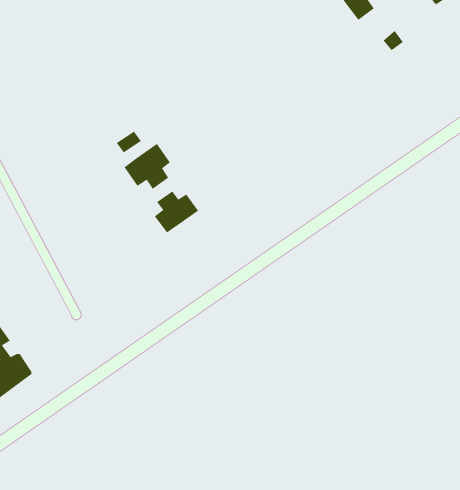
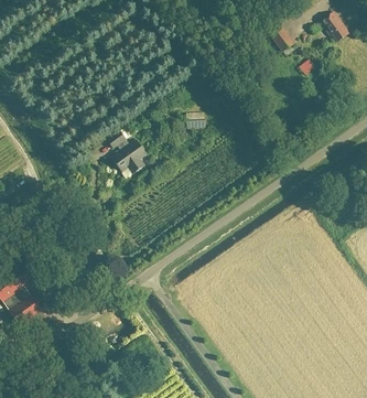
building: [154,191,199,234] -> none

